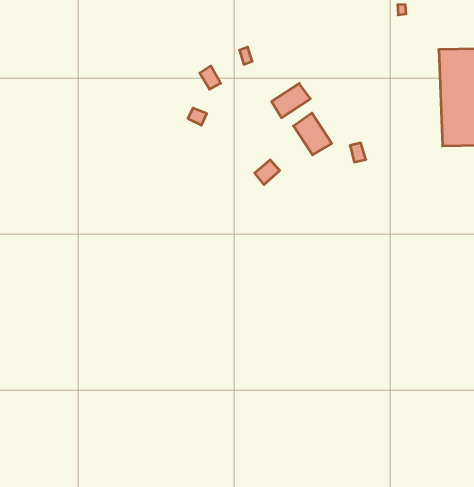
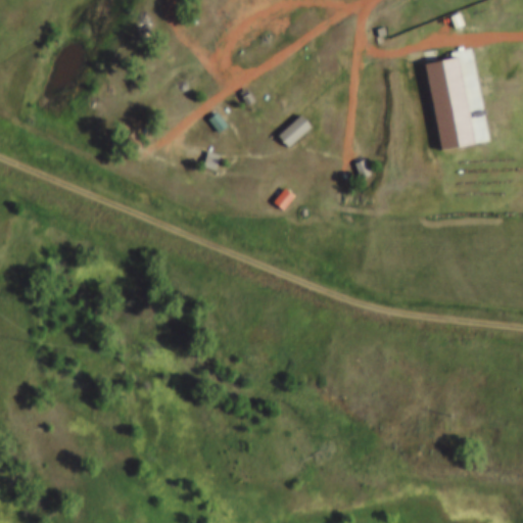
building: [293,113,332,155] -> none

